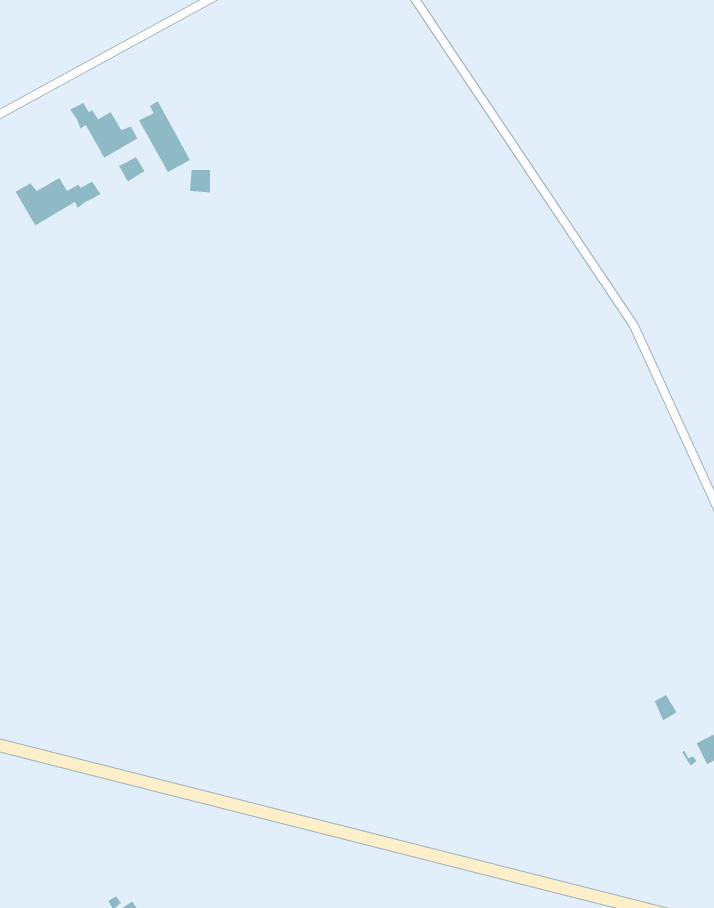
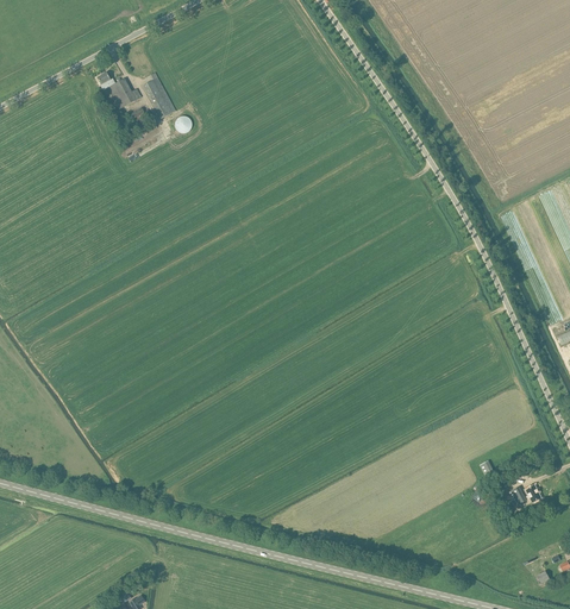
building: [15,177,102,227] -> none

